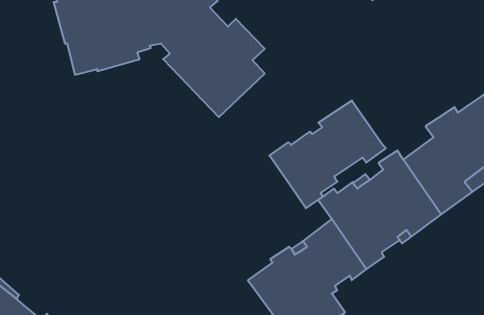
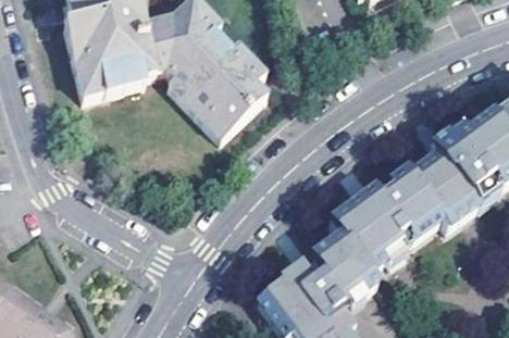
building: [269,100,386,208] -> none

